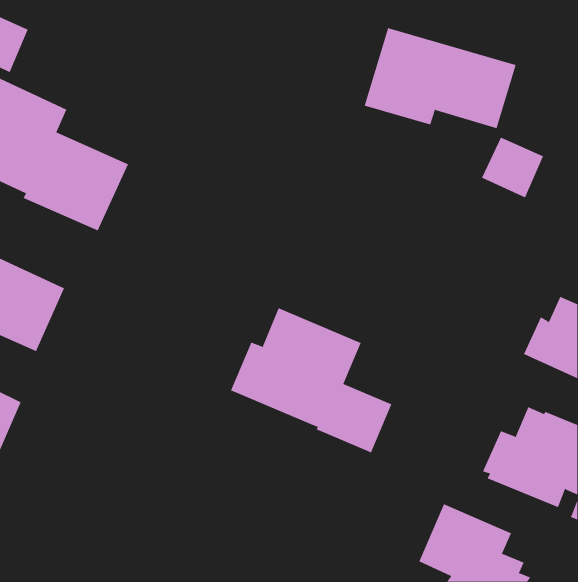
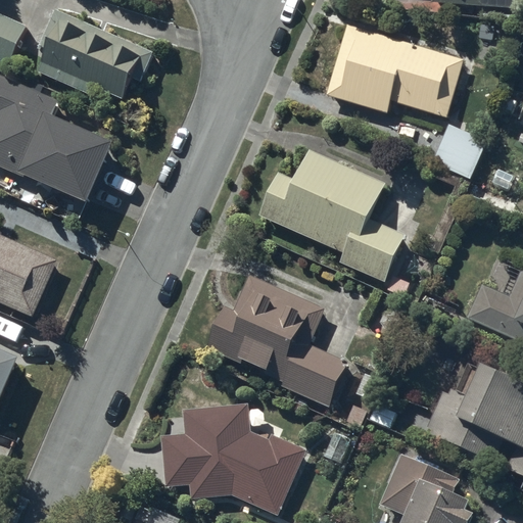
building: none -> [35,9,152,101]
building: none -> [260,146,409,290]
building: none -> [160,405,305,514]

